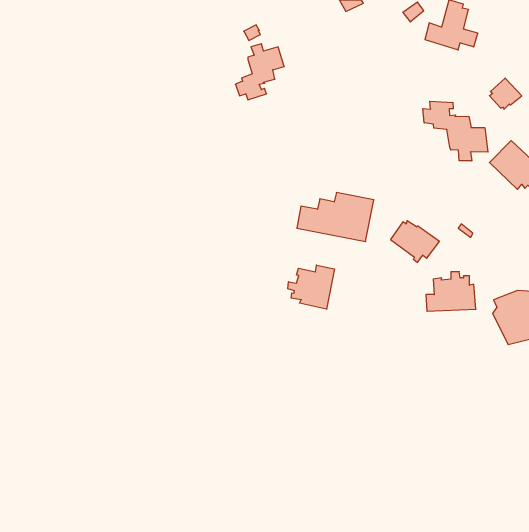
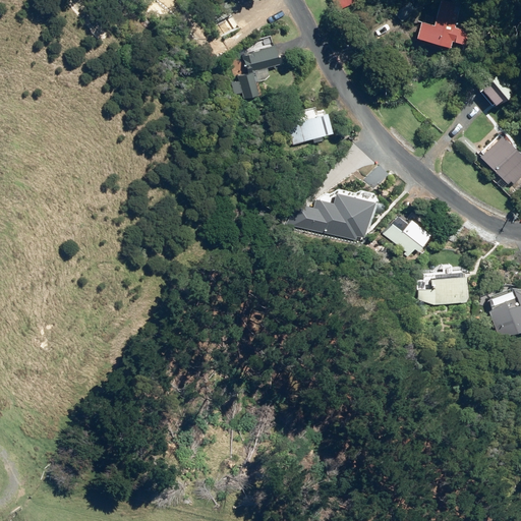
building: [423,101,488,161] -> none
building: none -> [292,107,334,143]
building: [288,265,334,309] -> none

